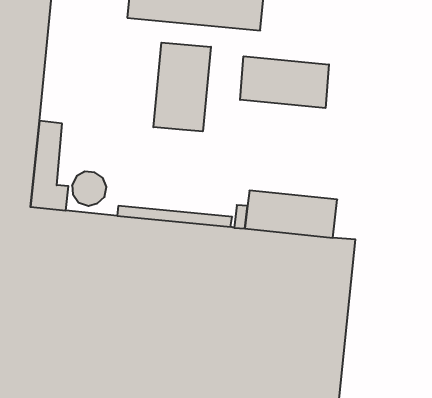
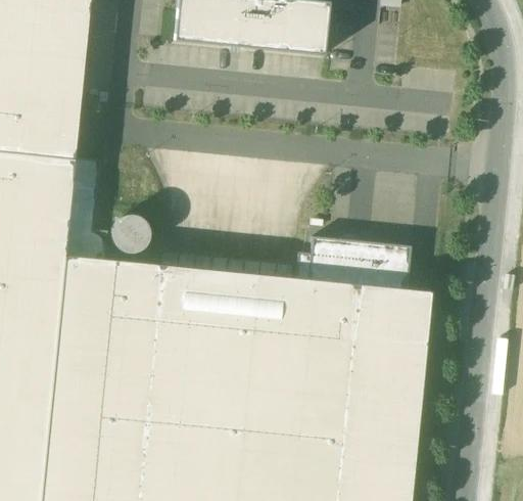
building: [153,43,211,131] -> none
building: [240,56,329,108] -> none

